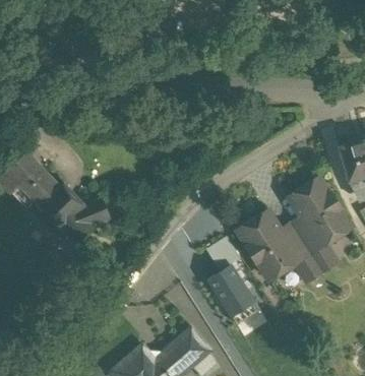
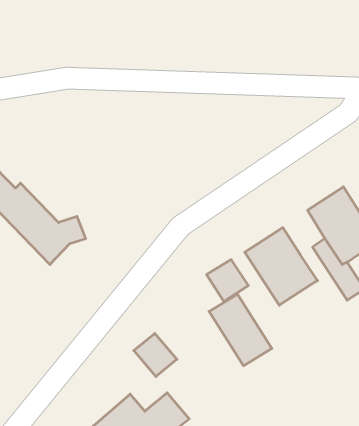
building: [283,227,321,279] -> none
building: [173,332,208,368] -> [134,333,177,377]

